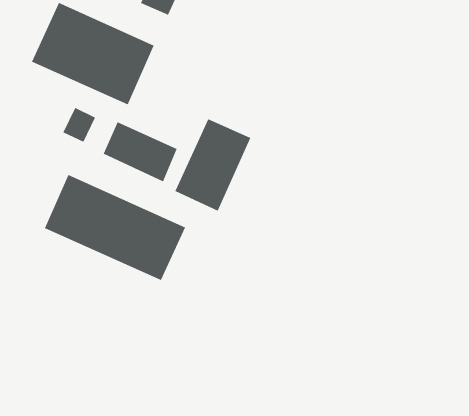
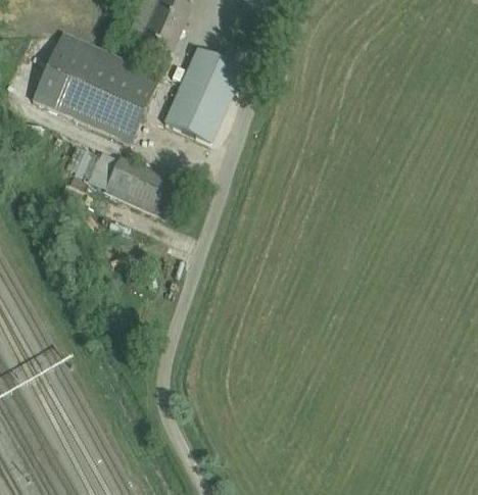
building: [175,119,251,211] -> [162,49,240,143]
building: [44,174,186,281] -> none

